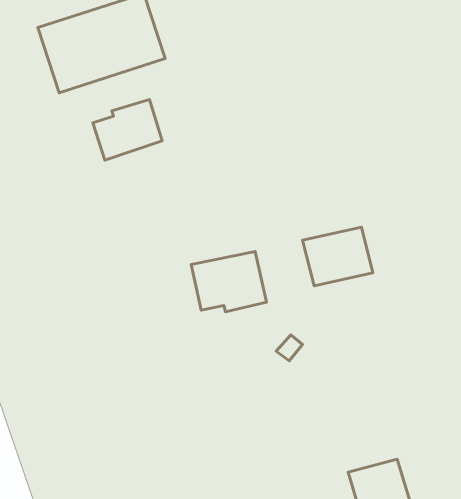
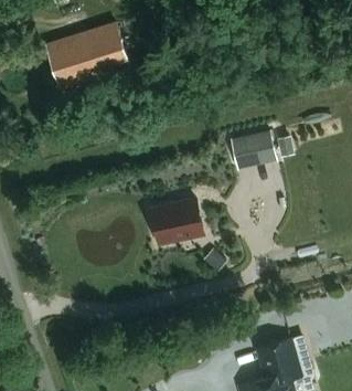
building: [93,100,162,160] -> none
building: [303,227,373,286] -> [231,129,278,169]

